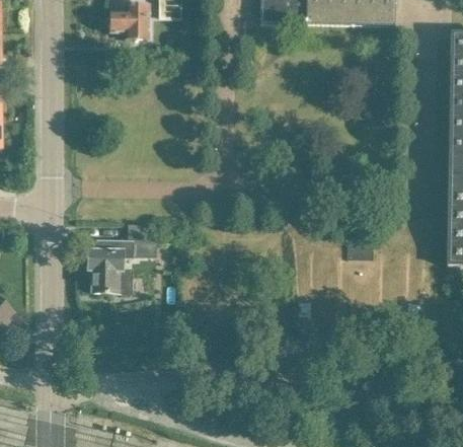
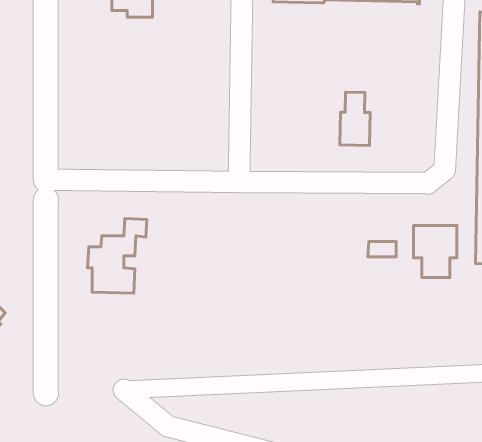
building: none -> [340,92,370,145]
building: none -> [414,225,457,278]

